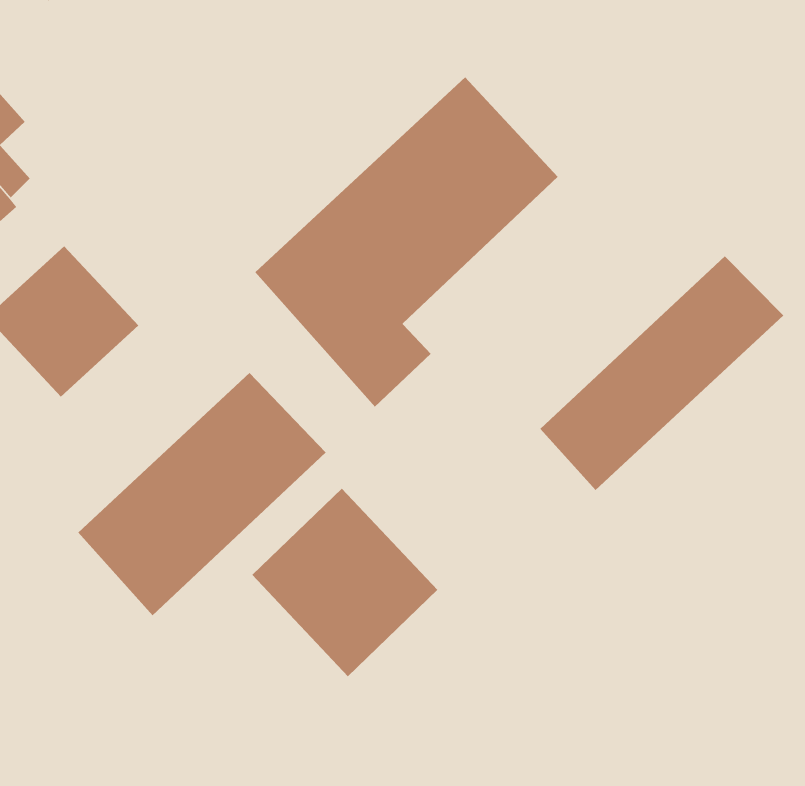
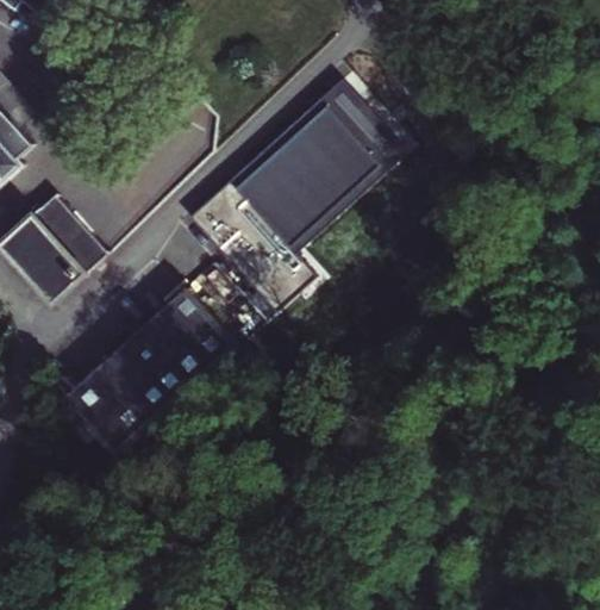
building: [539,255,784,491] -> none
building: [252,488,438,677] -> none

